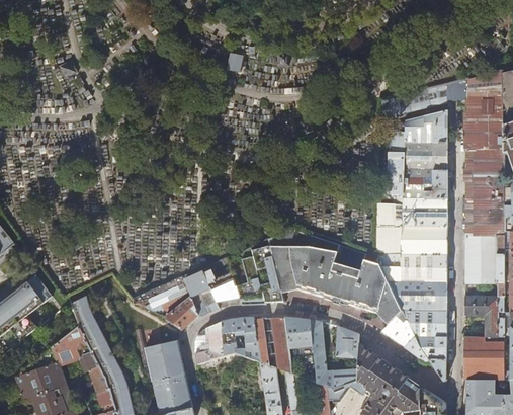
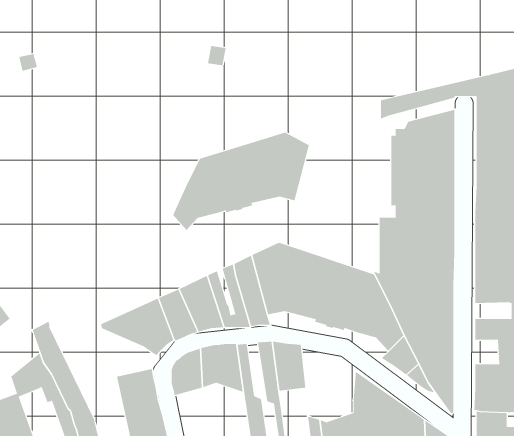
building: none -> [172,132,310,231]
building: [311,320,356,389] -> none
building: [336,326,358,358] -> none

